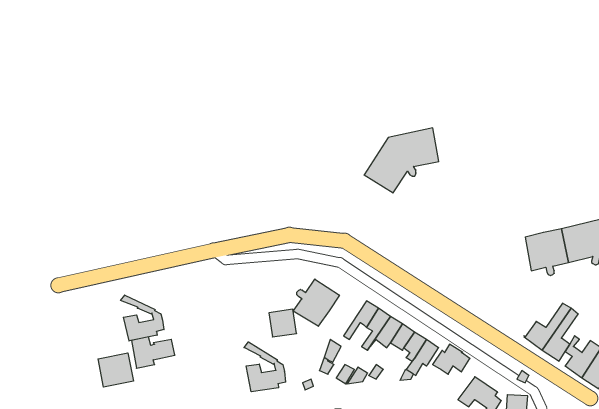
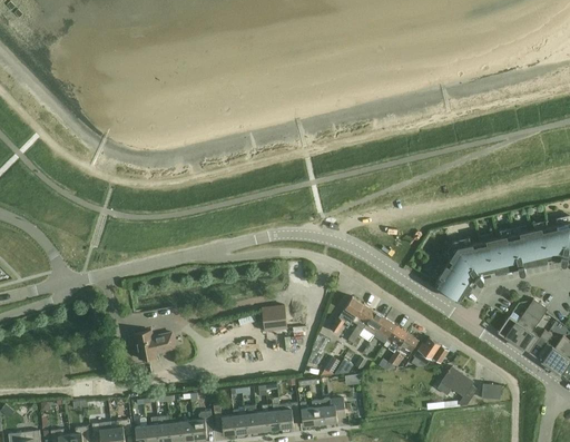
building: [364,128,439,193] -> [435,238,504,298]
building: [293,279,339,326] -> none
building: [121,295,164,341] -> none
building: [244,342,286,392] -> none
building: [98,353,133,387] -> none

